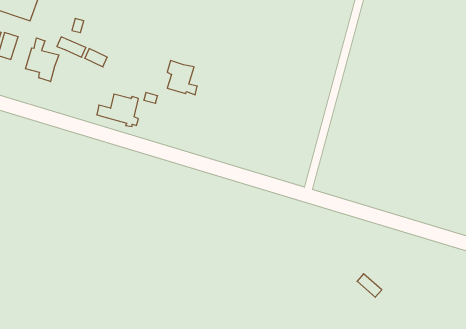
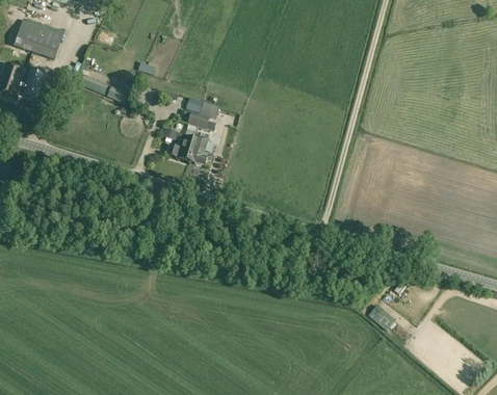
building: [26,38,59,82] -> none
building: [97,94,138,126] -> [167,133,208,164]

